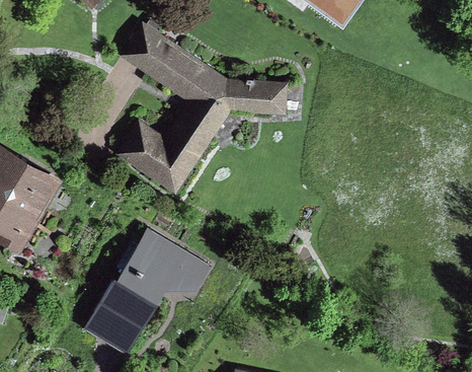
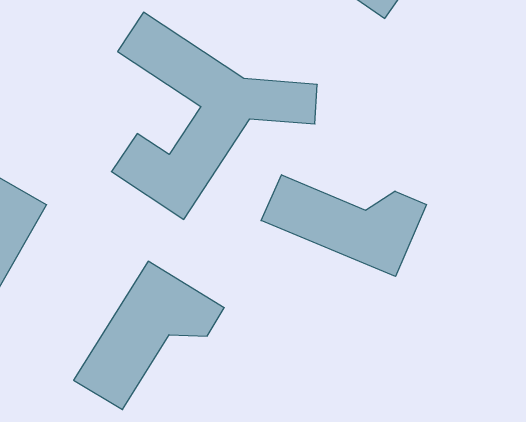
building: none -> [261,175,426,276]

